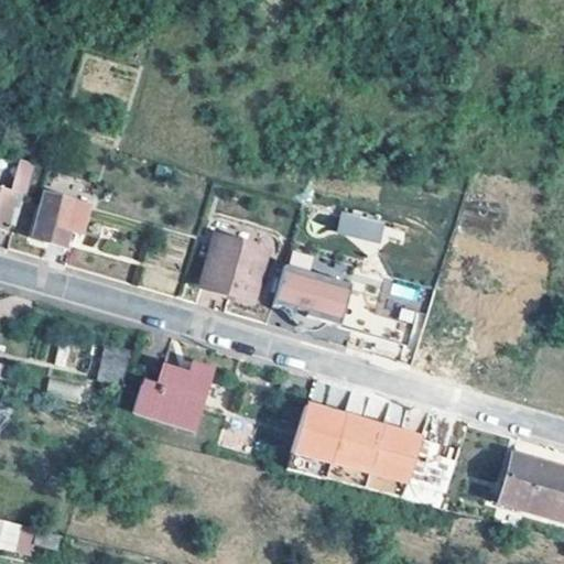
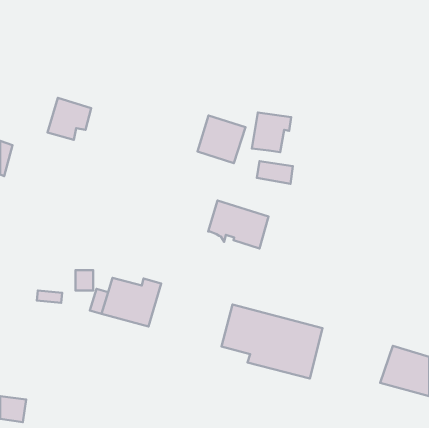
building: none -> [252,112,291,152]
building: [32,193,89,248] -> [48,98,91,140]
building: [205,237,268,300] -> [198,115,245,163]

